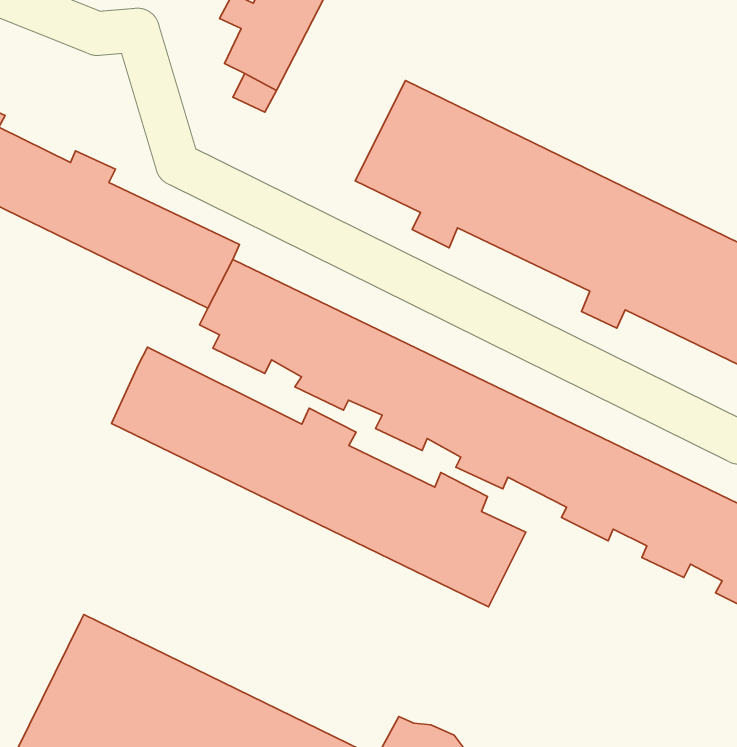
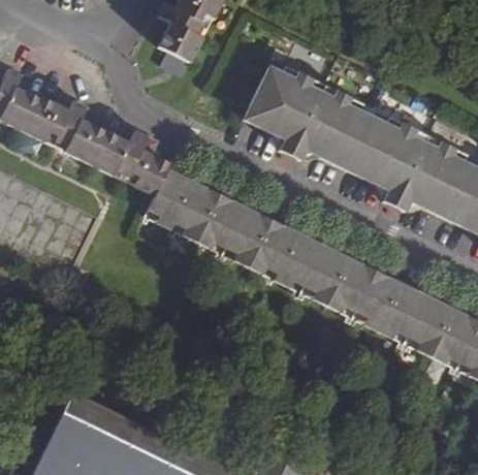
building: [111,347,526,607] -> none

